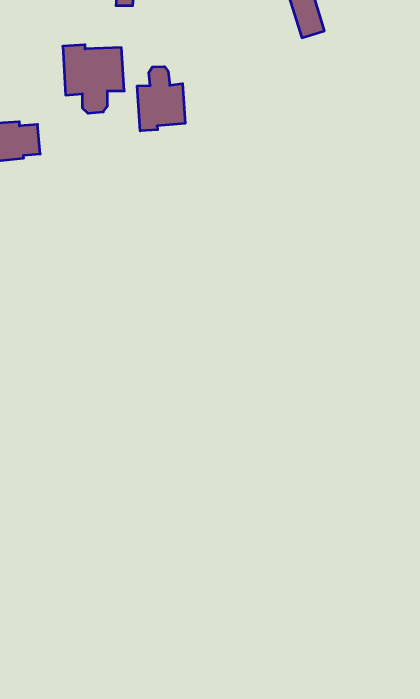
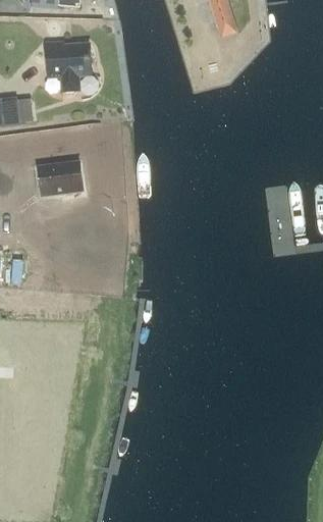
building: [137,67,185,131] -> none
building: none -> [38,161,83,194]

